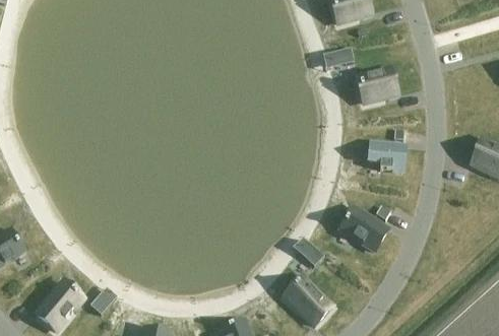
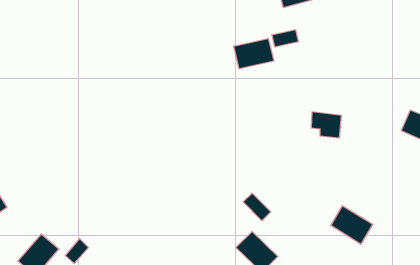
building: none -> [234,38,274,69]
building: [357,68,396,102] -> none
building: [339,206,387,250] -> [331,206,373,244]

